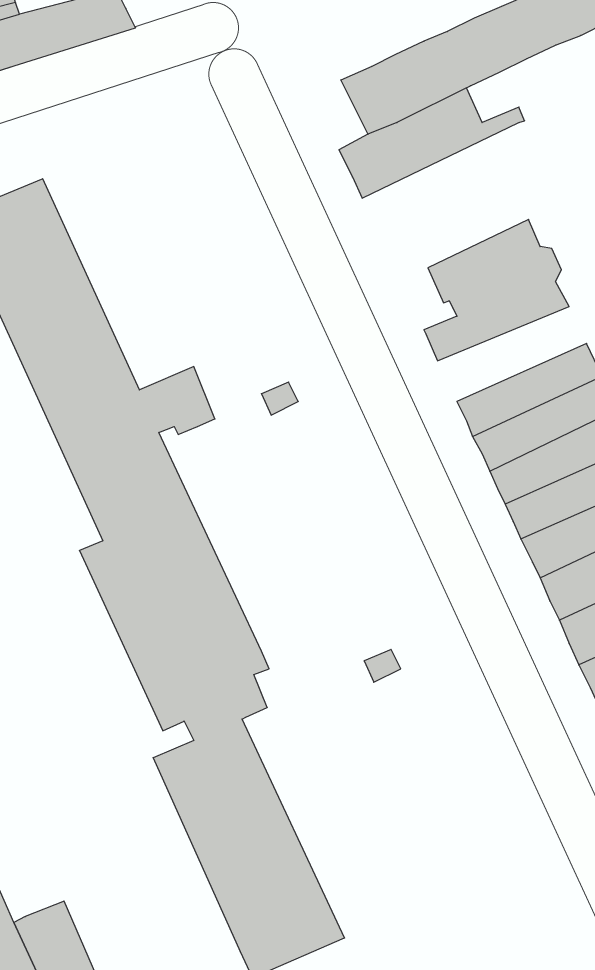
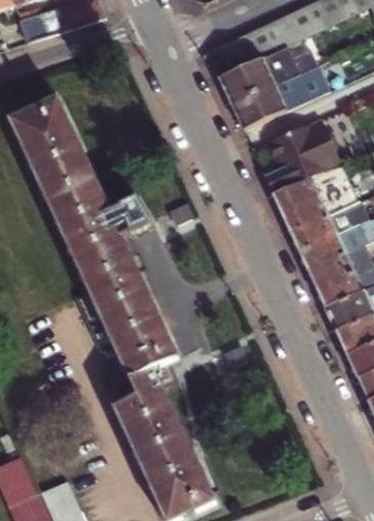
building: none -> [229,66,325,131]
building: none -> [270,164,349,215]

